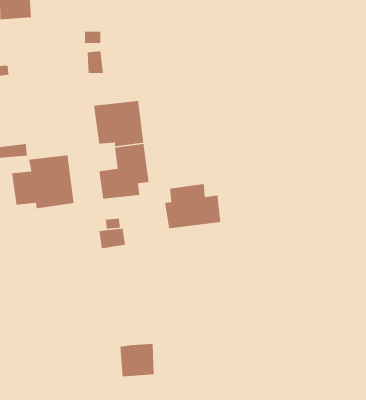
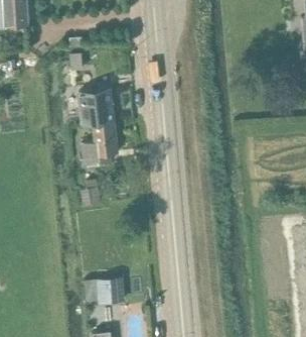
building: [11,155,75,209] -> none
building: [164,183,221,229] -> none

